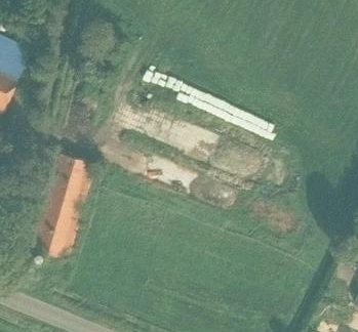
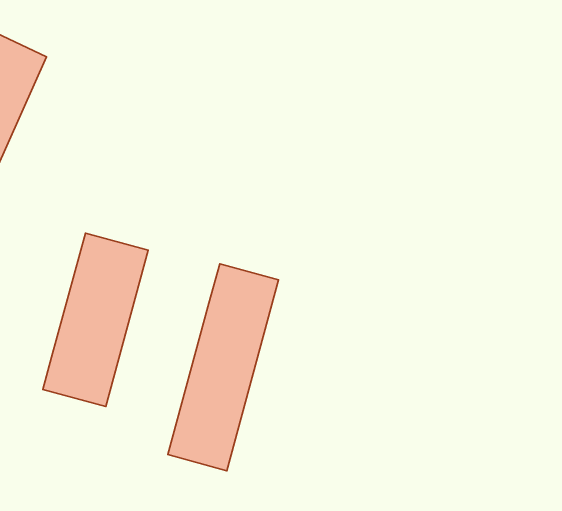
building: none -> [168,264,279,471]

